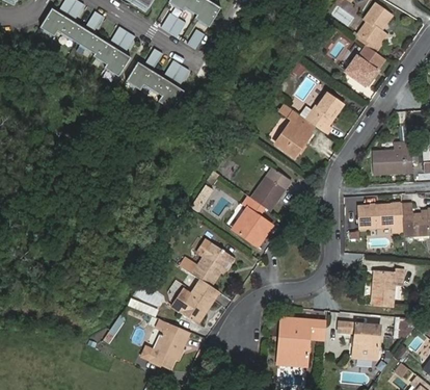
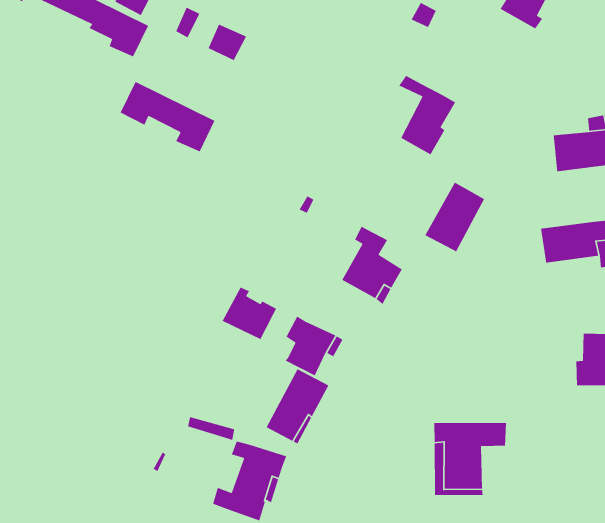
building: [127,61,185,109] -> [120,81,216,153]
building: [306,89,343,131] -> none
building: [251,163,291,207] -> [424,181,485,253]
building: none -> [222,287,277,340]
building: [338,321,380,360] -> none

